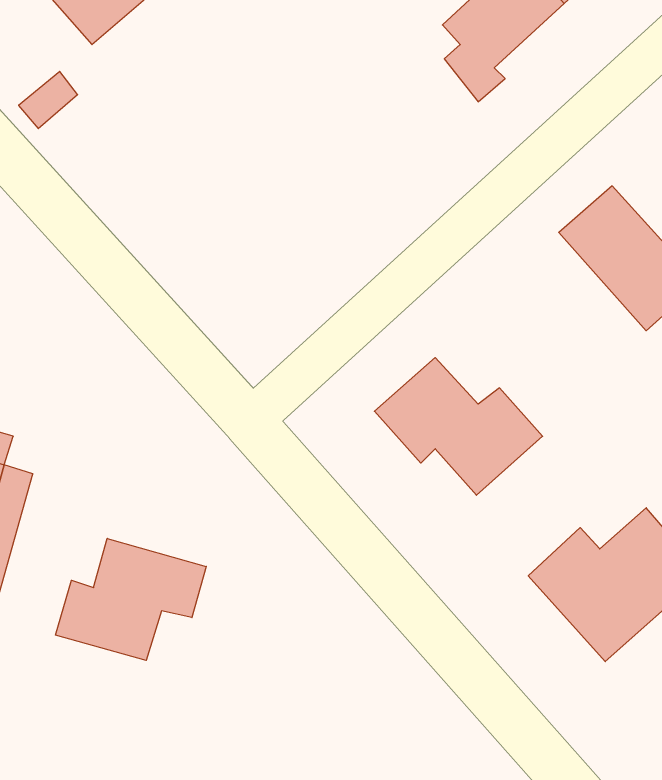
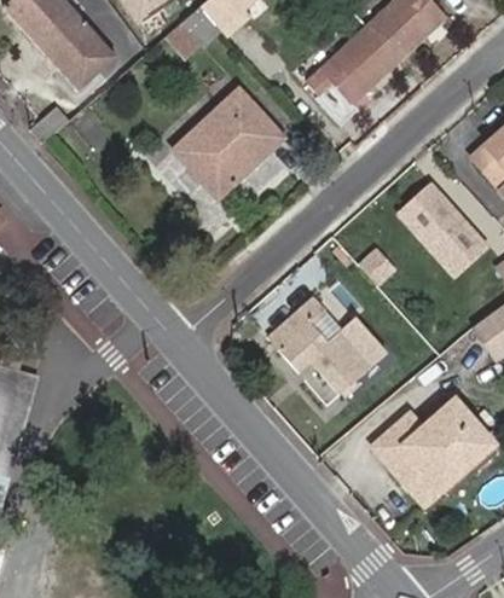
building: none -> [173,88,283,198]
building: [56,538,206,660] -> none

